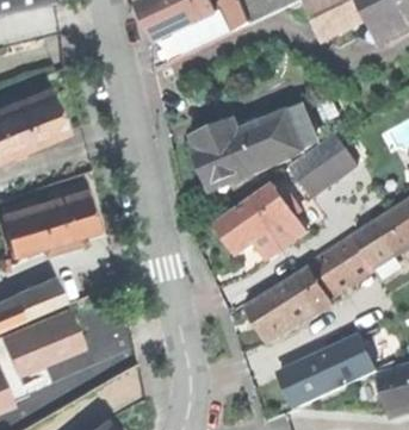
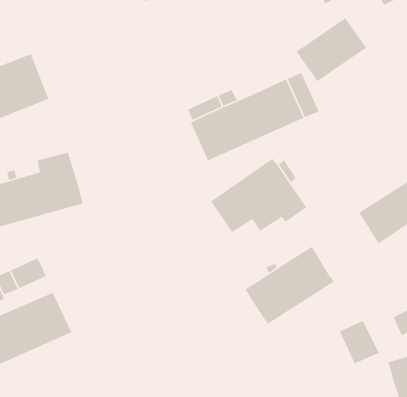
building: [292,137,359,198] -> [296,17,367,82]
building: [311,238,374,297] -> none
building: [284,349,352,405] -> none

